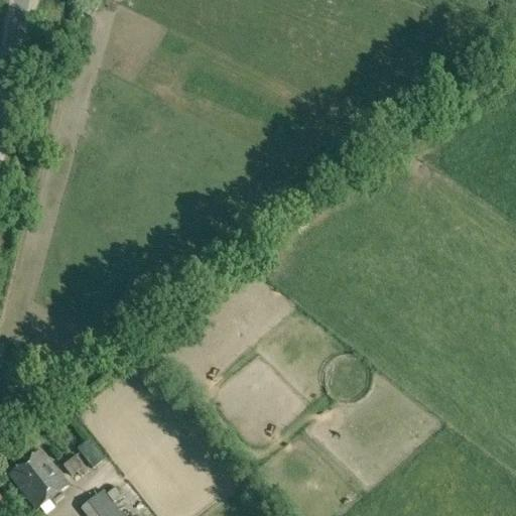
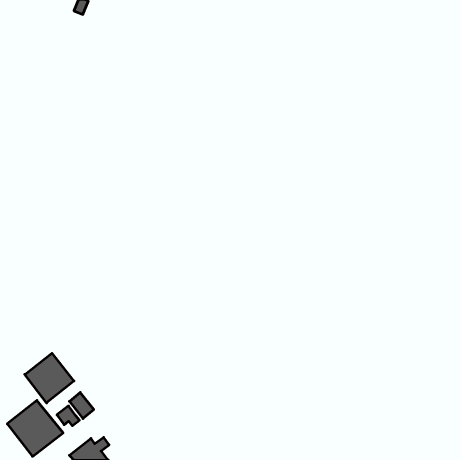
building: none -> [25,353,74,403]

